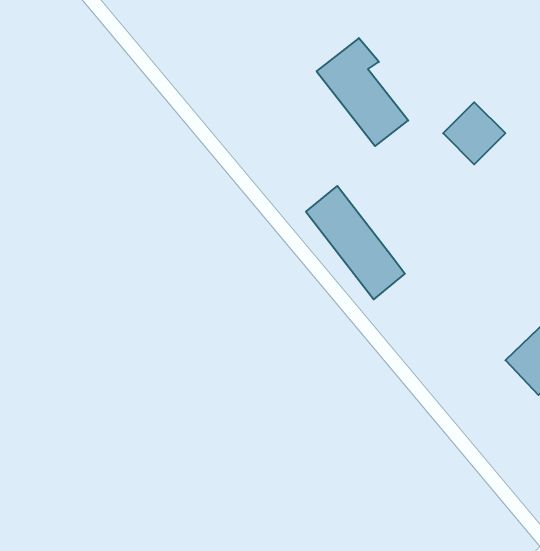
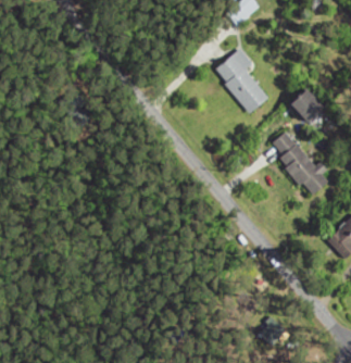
building: [306,186,405,299] -> [269,129,328,197]

